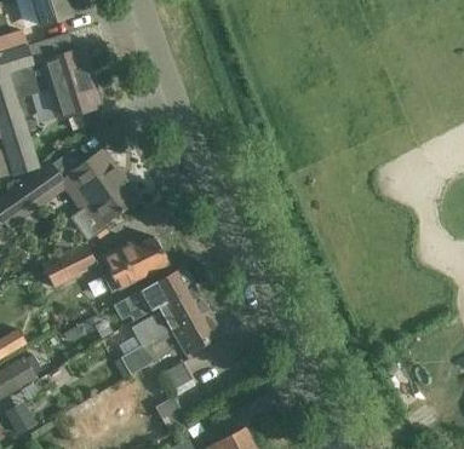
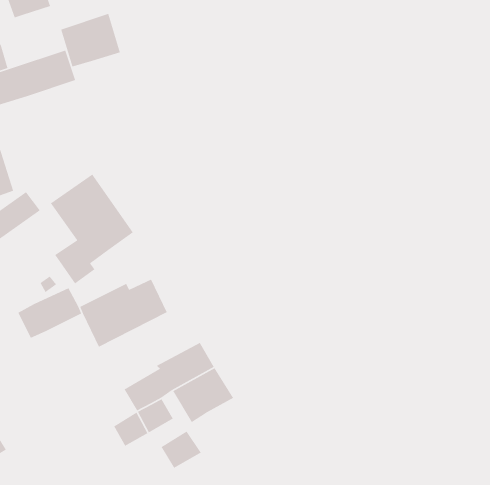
building: [51,75,101,120] -> [60,13,121,68]
building: [127,267,193,321] -> none

